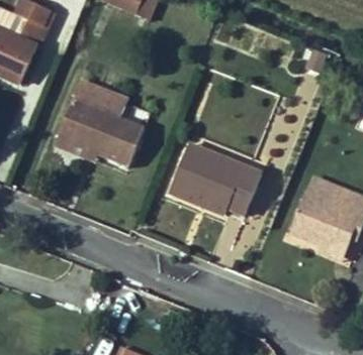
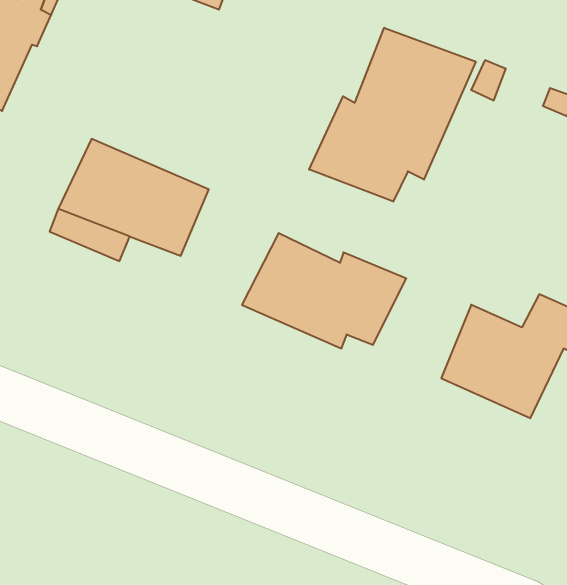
building: none -> [309,28,476,202]

